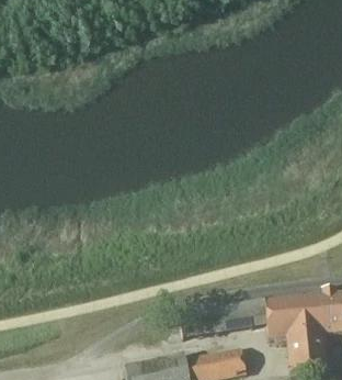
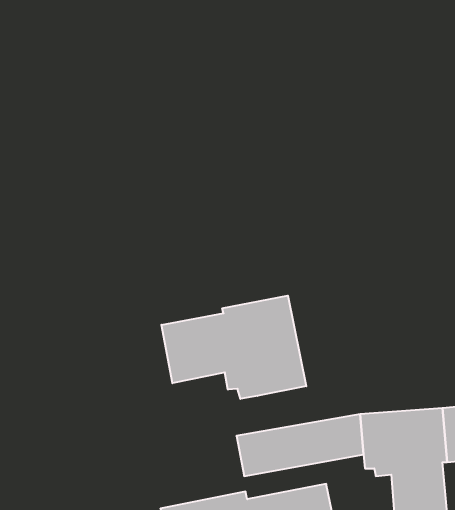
building: none -> [161,296,306,399]

